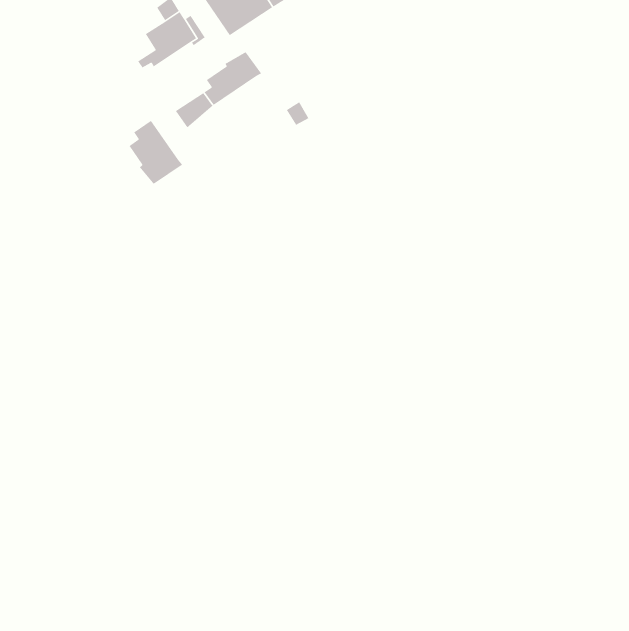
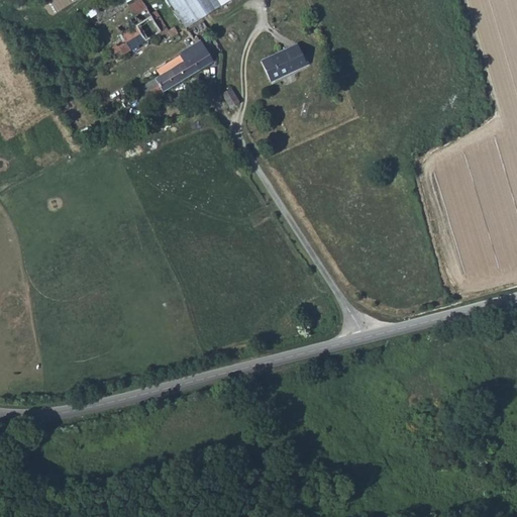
building: none -> [262,40,307,79]
building: [128,120,183,185] -> none

